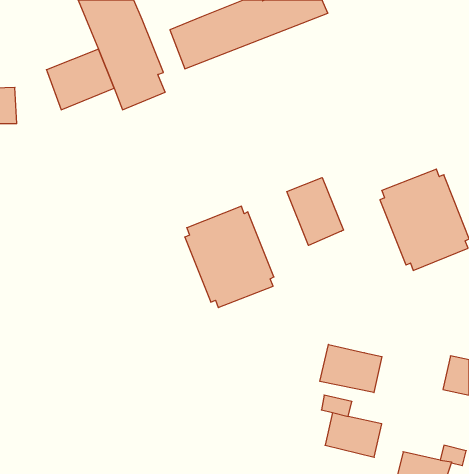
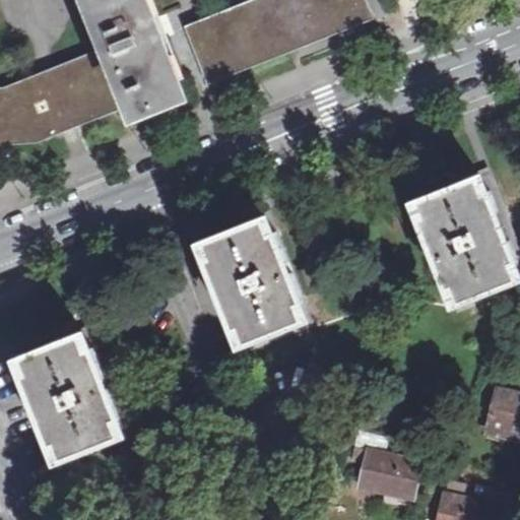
building: none -> [16,80,67,136]
building: [287,178,344,245] -> none
building: none -> [19,342,118,453]
building: [320,344,382,393] -> none

